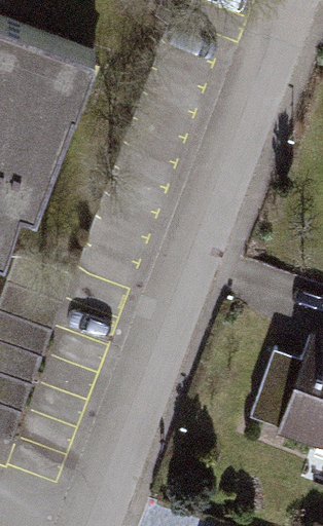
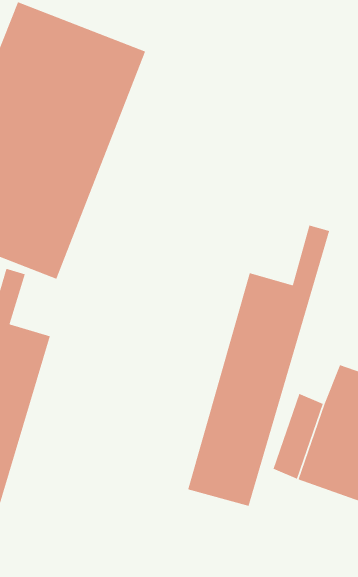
building: none -> [187,224,330,507]

